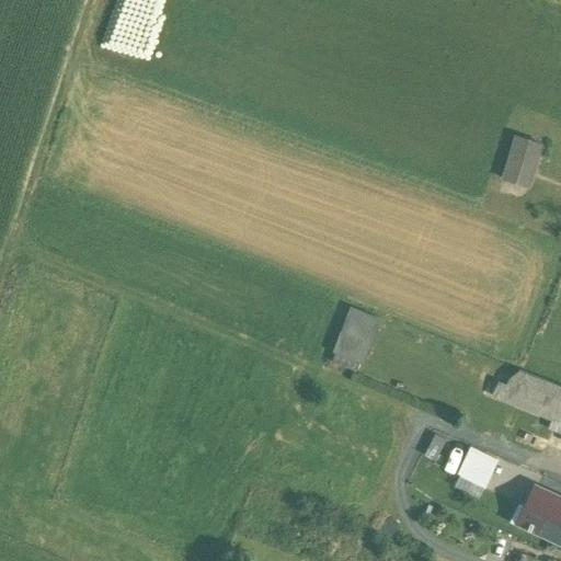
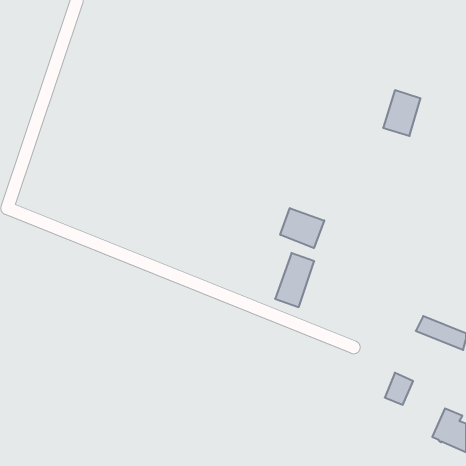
building: [501,133,546,187] -> [383,90,421,136]
building: none -> [280,208,324,248]

